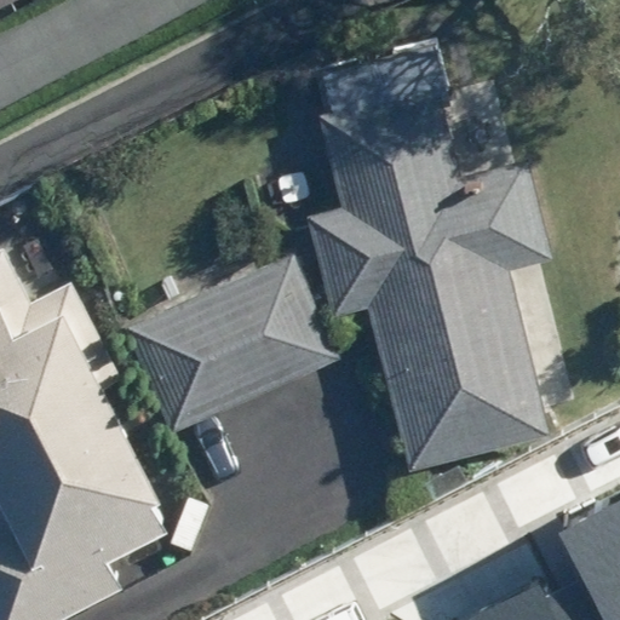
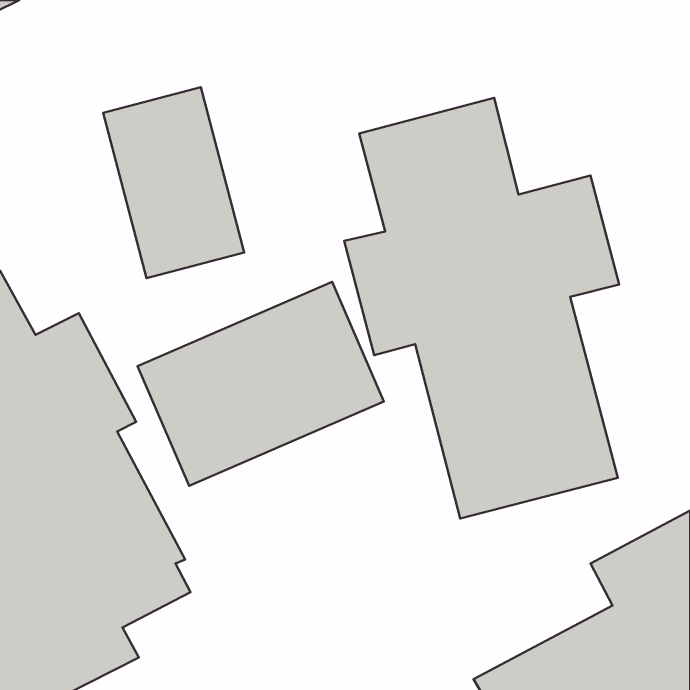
building: none -> [103,87,244,278]

